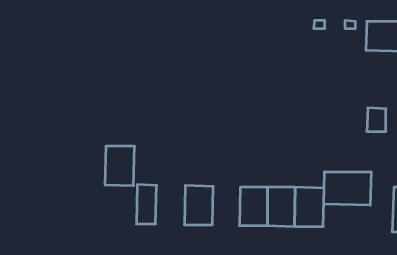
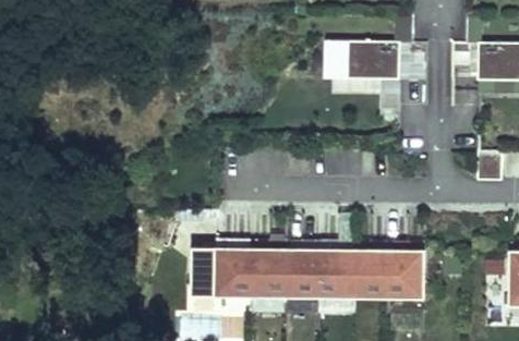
building: none -> [329,40,398,77]
building: [105,146,135,186] -> [214,247,251,296]
building: [324,172,371,205] -> none
building: none -> [285,248,319,297]

